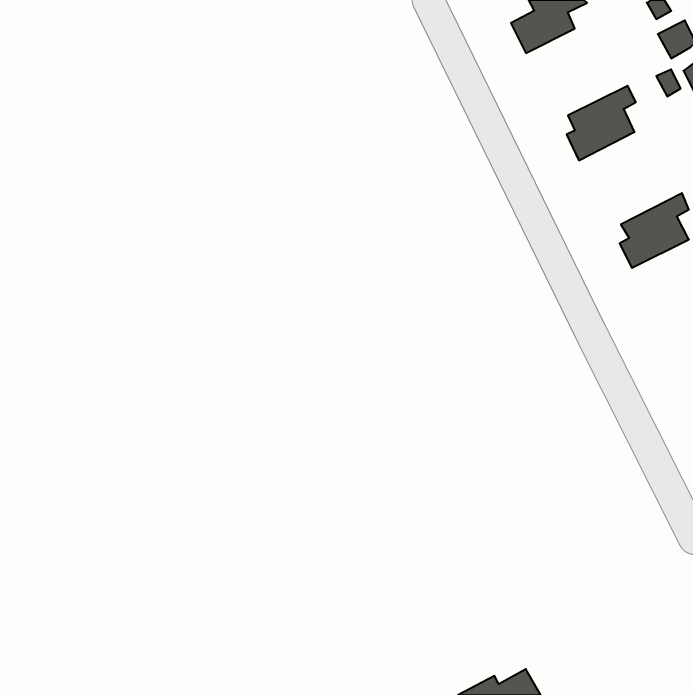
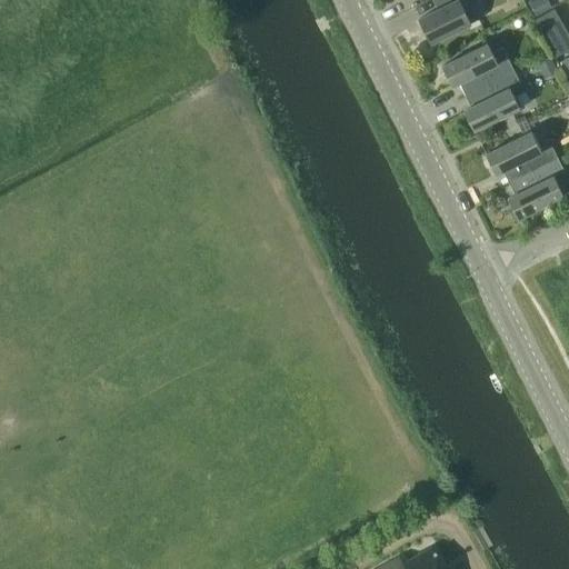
building: none -> [442,43,515,94]
building: none -> [487,131,559,183]

